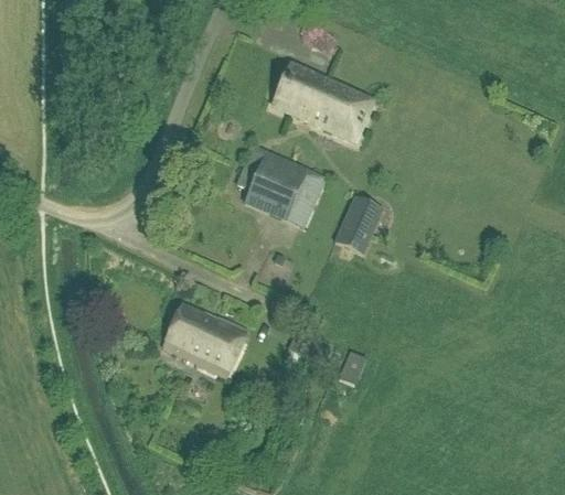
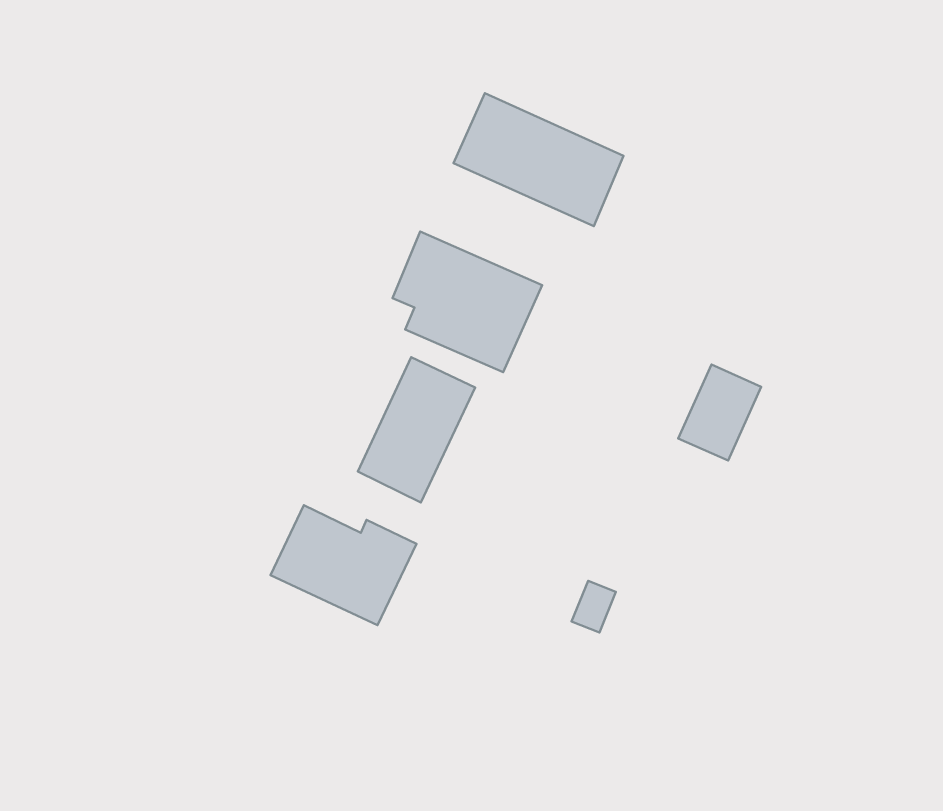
building: [333,195,383,252] -> [678,365,761,461]
building: none -> [358,357,475,503]

